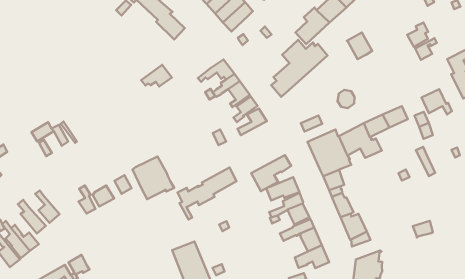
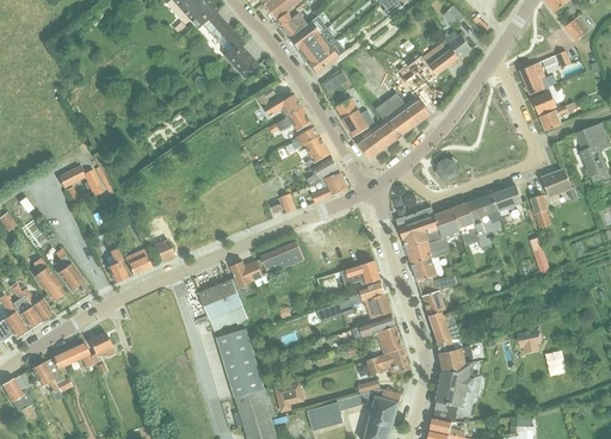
building: [347,33,372,59] -> [519,61,549,93]
building: none -> [335,97,375,136]
building: [141,65,172,86] -> [264,91,302,117]
building: [251,155,291,191] -> none
building: [133,157,174,199] -> [199,279,248,330]
building: none -> [439,345,474,369]

